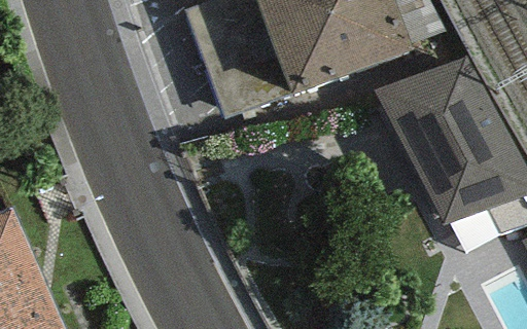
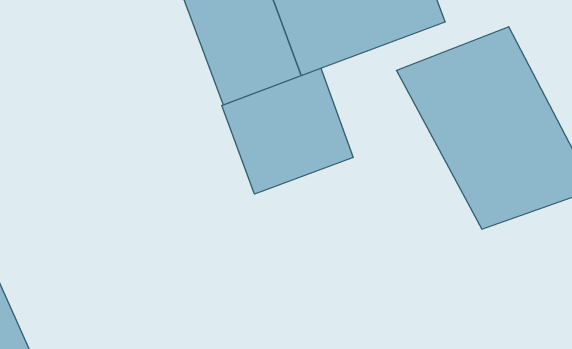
building: none -> [222,68,353,194]

